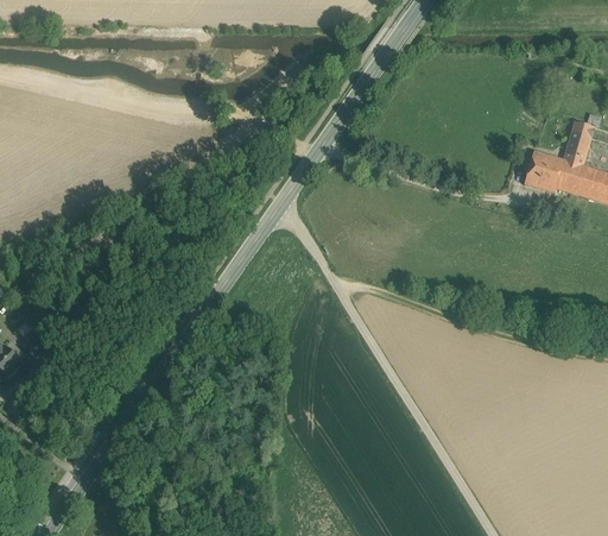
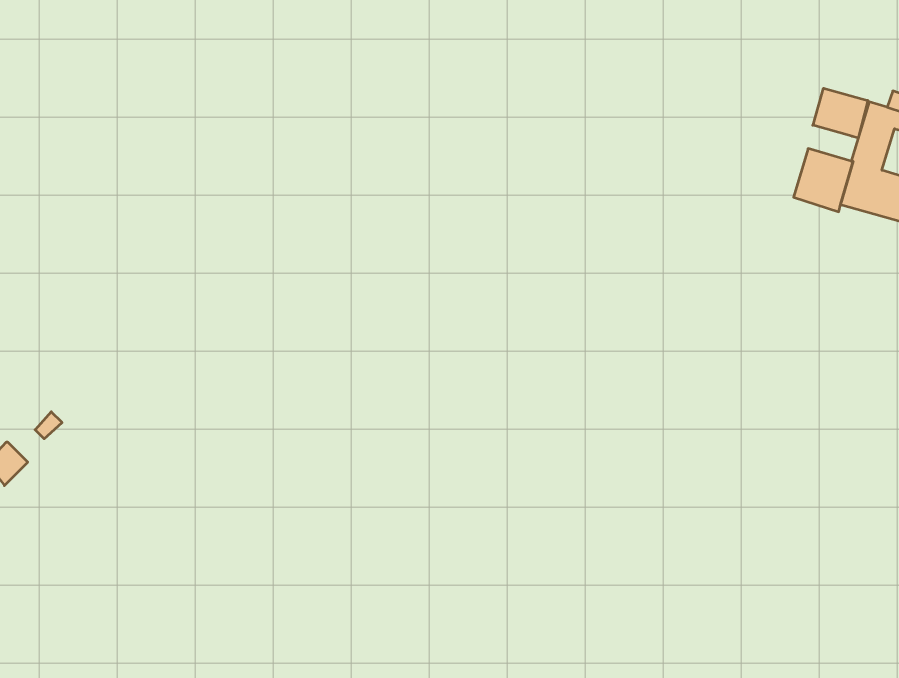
building: none -> [813,88,868,138]

